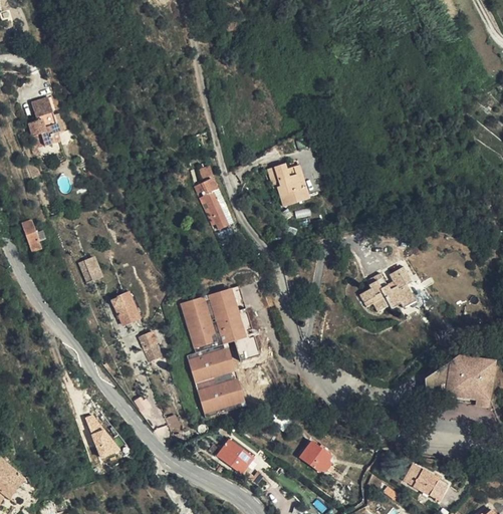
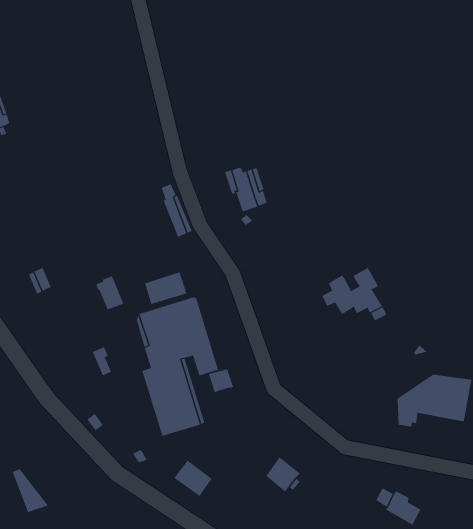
building: none -> [144,271,187,305]
building: [111,292,139,325] -> [96,275,124,310]
building: none -> [208,368,234,393]
building: [84,416,119,458] -> [12,469,49,513]

